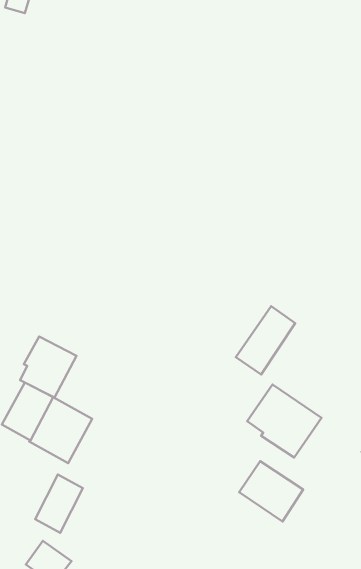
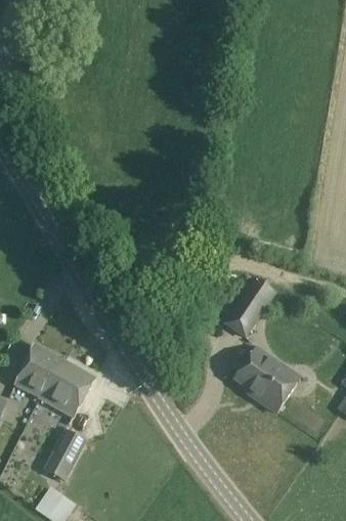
building: [20,337,76,398] -> none
building: [239,461,303,521] -> none

